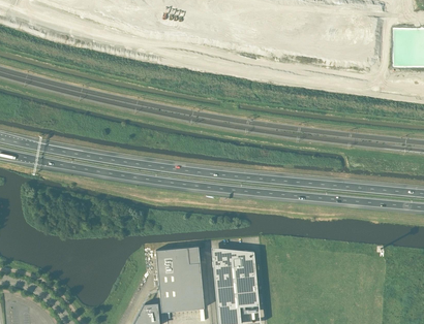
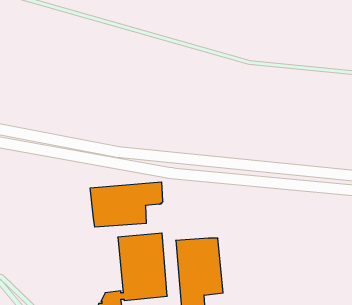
building: none -> [90,182,163,227]

